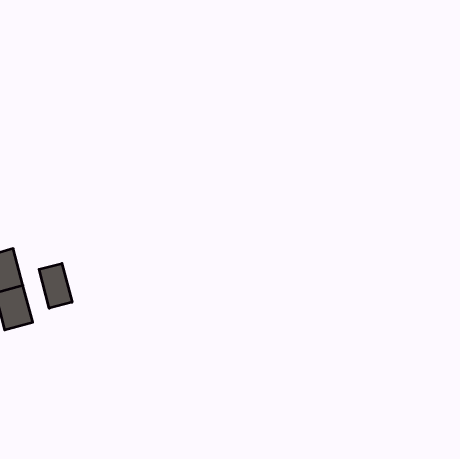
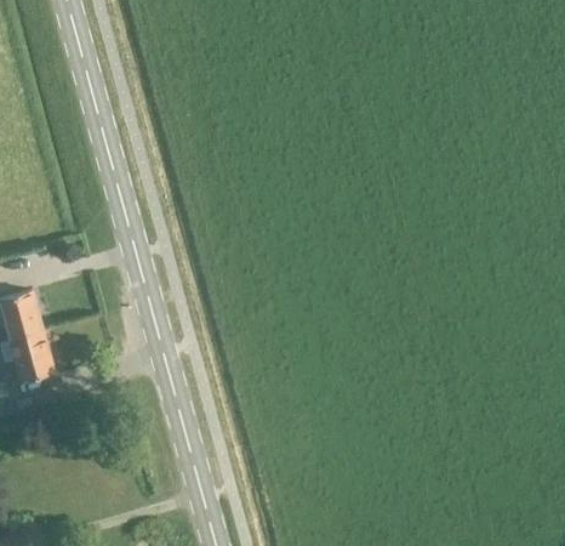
building: [39,263,72,308] -> none

